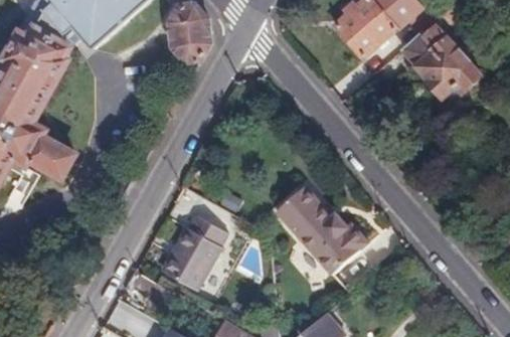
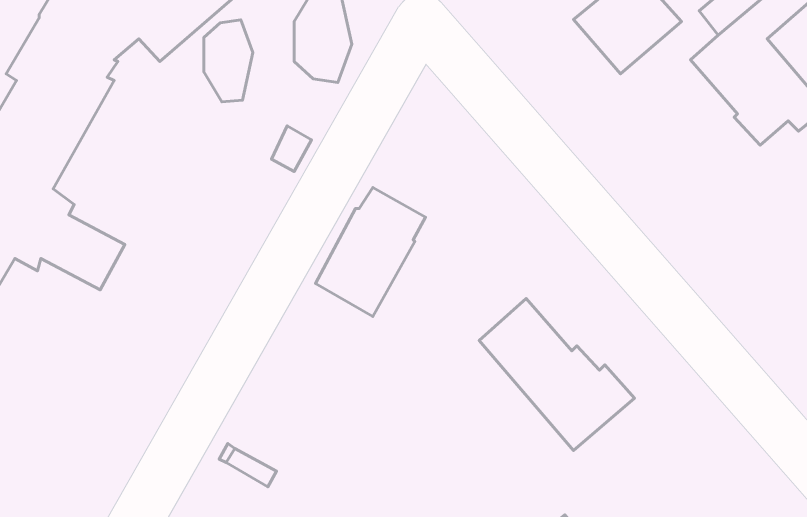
building: none -> [204,20,253,102]
building: [162,214,225,289] -> [315,188,425,317]

